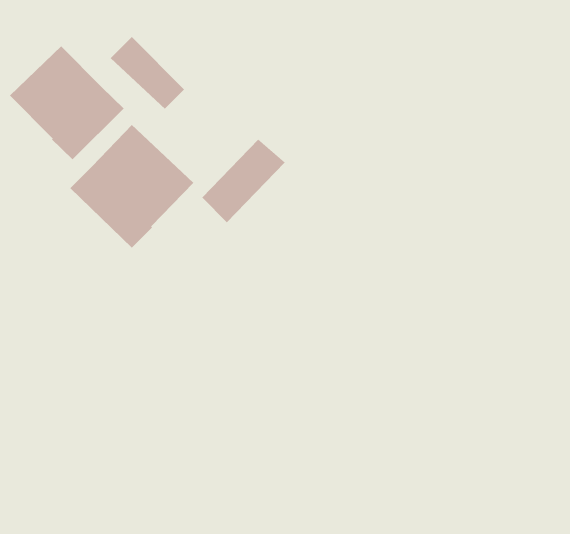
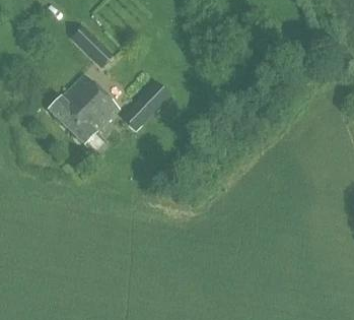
building: [9,45,124,160] -> none

